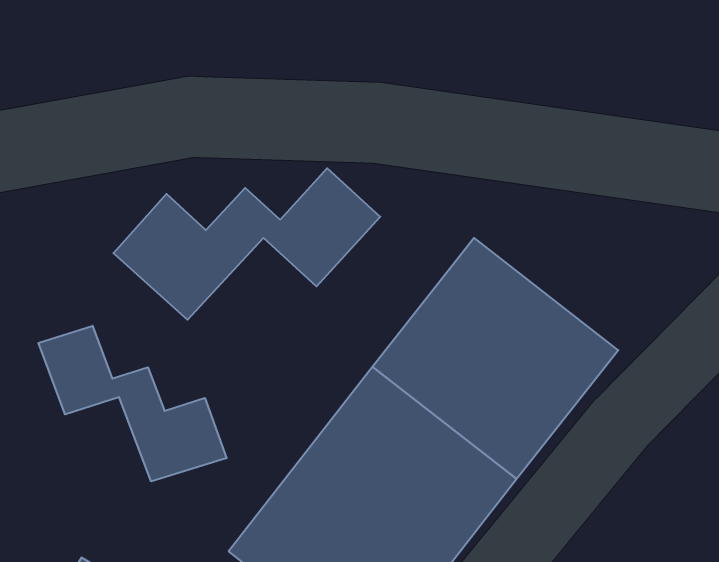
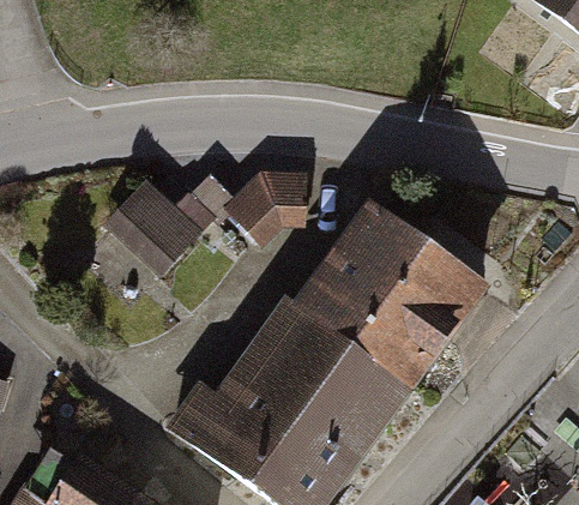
building: [38,326,227,481] -> none

